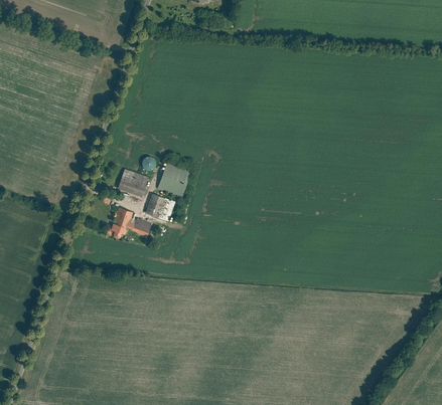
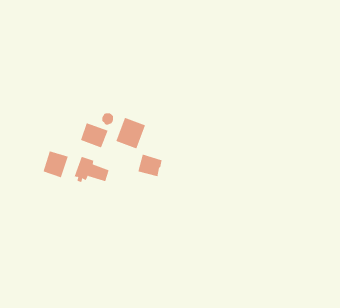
building: [147,193,175,219] -> [138,154,162,177]
building: none -> [43,151,69,178]

